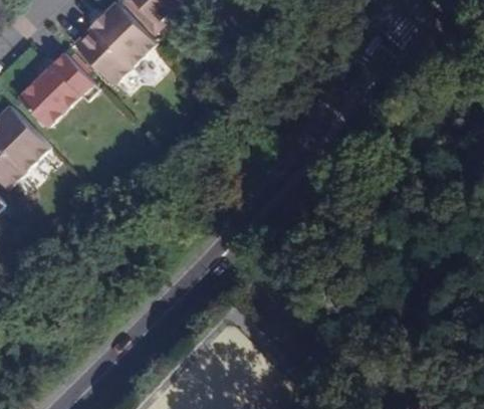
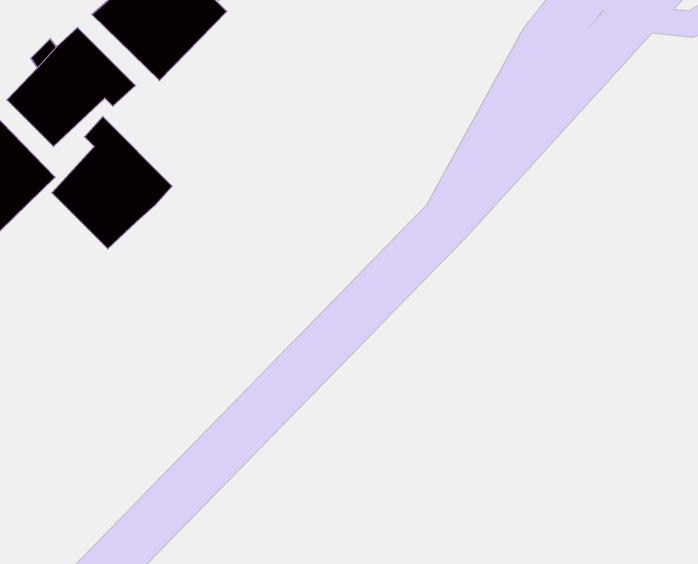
building: none -> [52,117,172,249]

